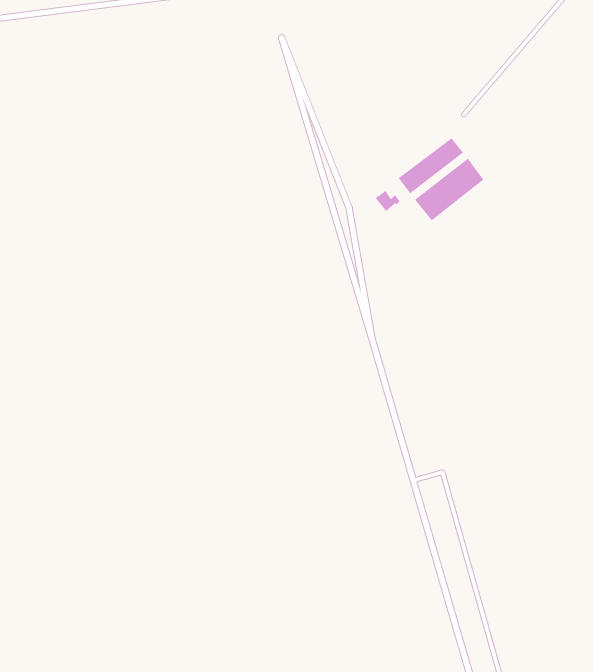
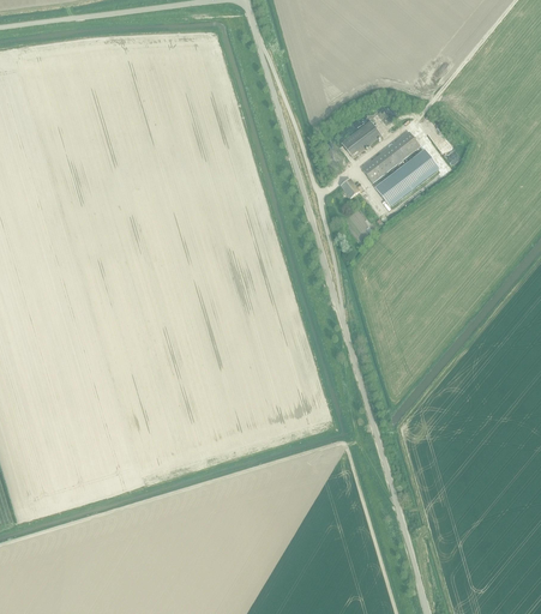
building: none -> [339,119,380,157]

